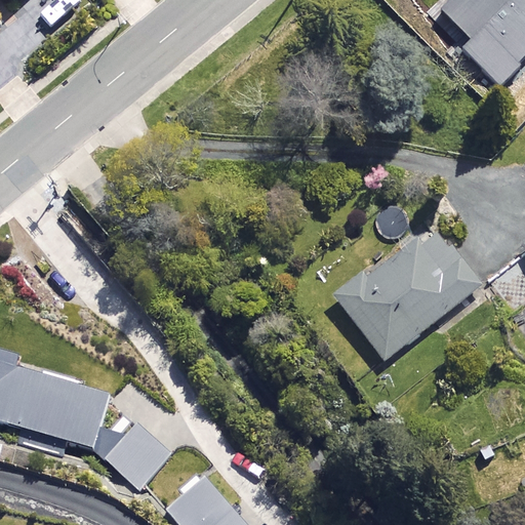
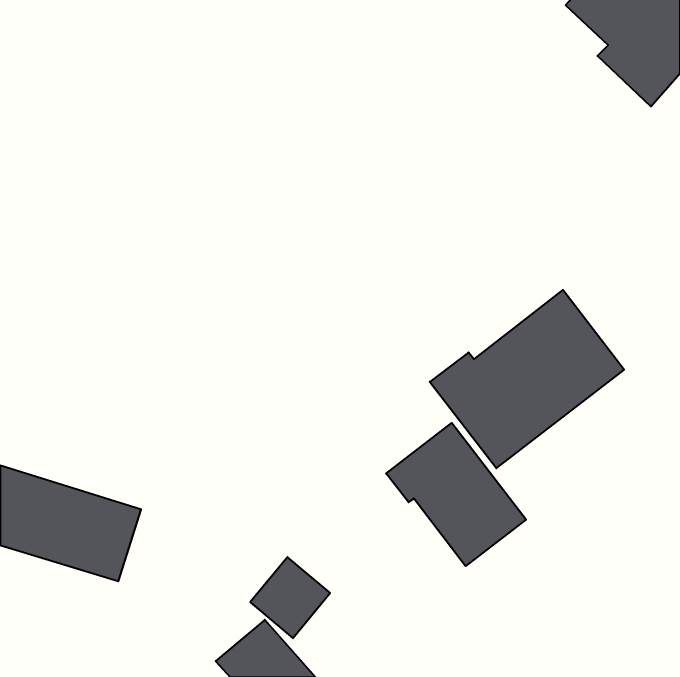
building: none -> [386,423,526,566]
building: [106,426,167,488] -> [250,557,330,638]

